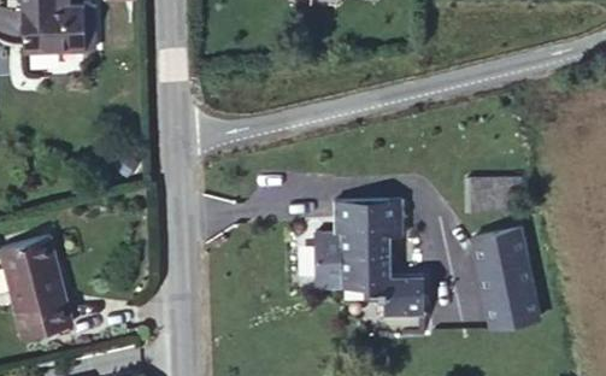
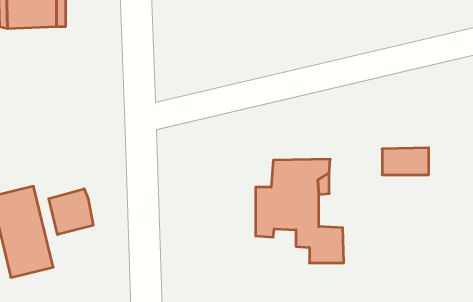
building: none -> [49,189,93,235]
building: [467,234,534,334] -> none

